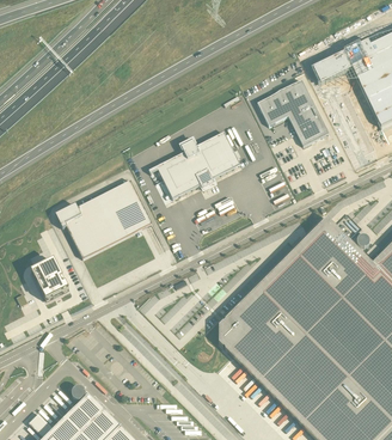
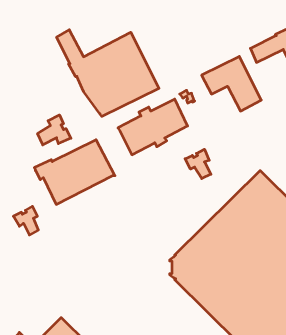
building: none -> [57,30,159,116]
building: none -> [38,115,71,145]
building: none -> [185,149,211,179]

